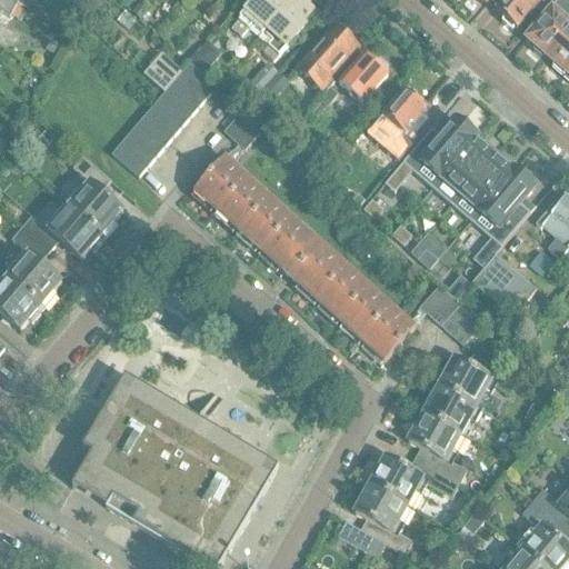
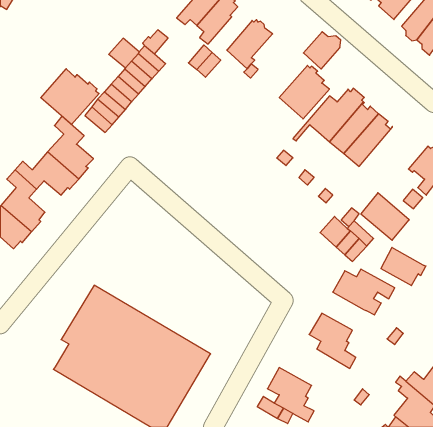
building: [340,51,389,100] -> [303,32,341,69]
building: none -> [41,69,99,124]
building: [194,107,415,360] -> none
building: [471,164,536,264] -> none
building: [422,382,481,432] -> [381,247,426,286]
building: [367,452,459,505] -> none

